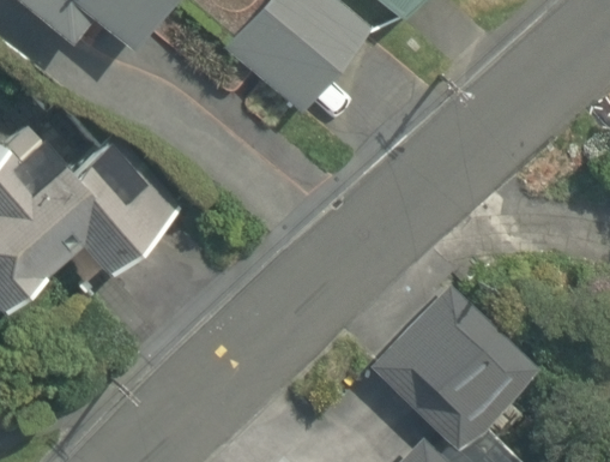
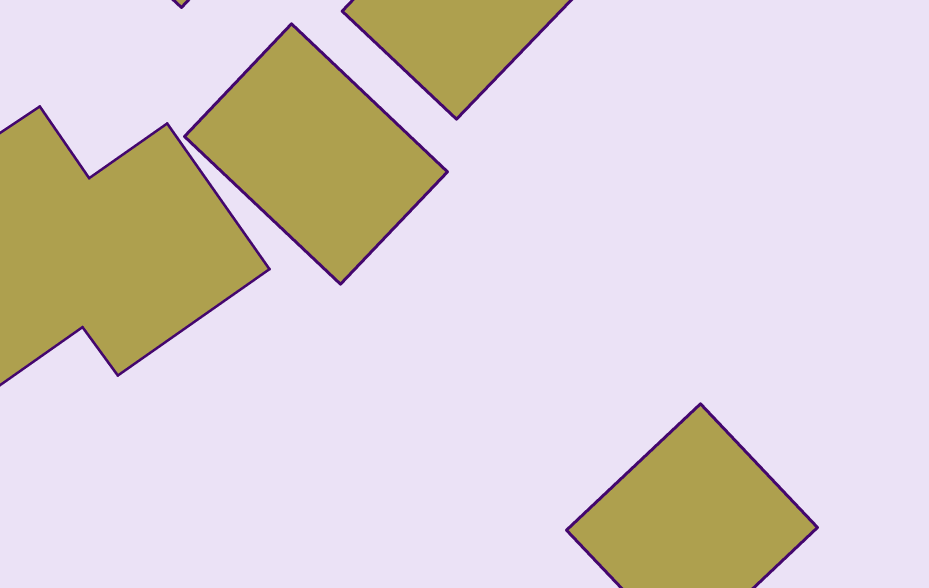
building: none -> [184,24,448,284]

